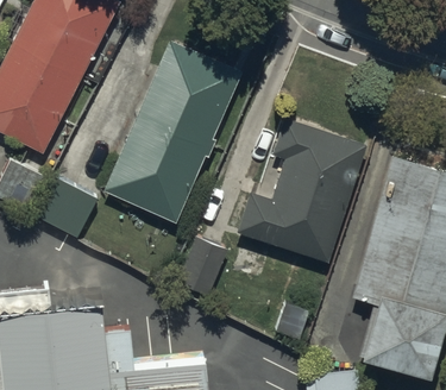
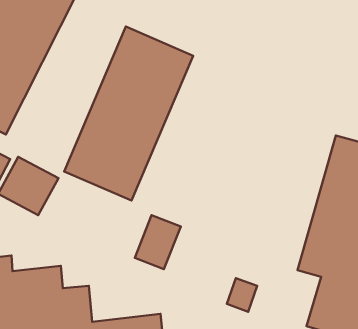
building: [235,121,365,266] -> none

